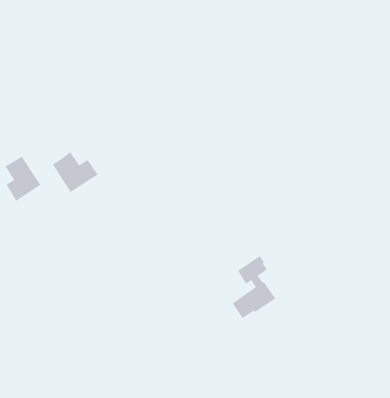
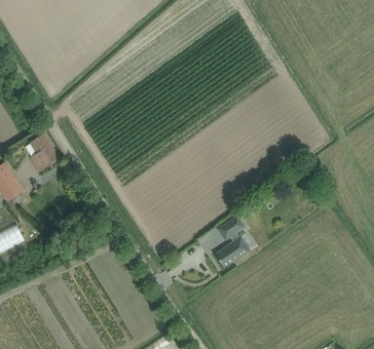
building: [52,151,98,193] -> none

